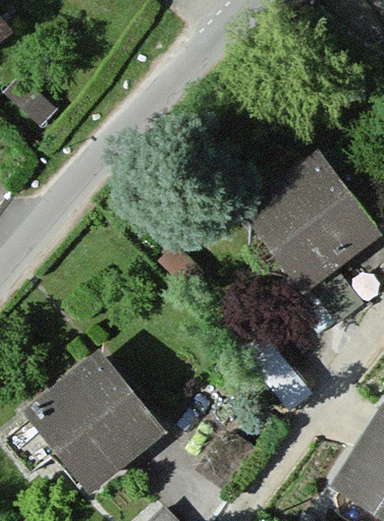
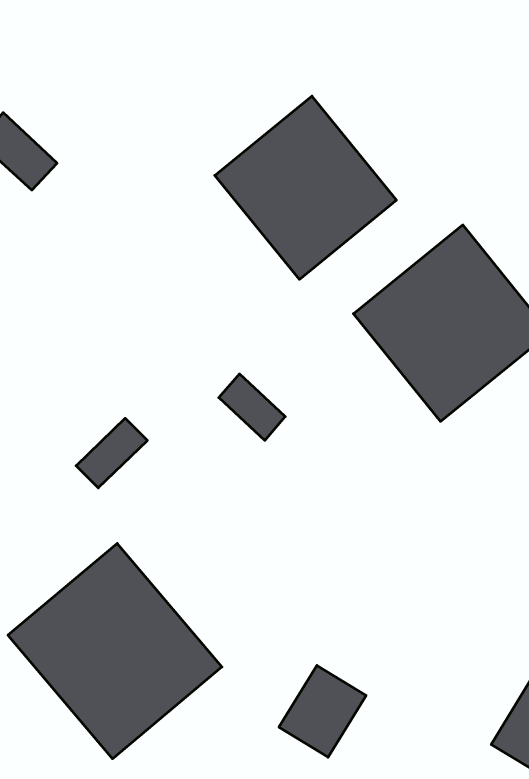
building: none -> [215,96,396,279]

